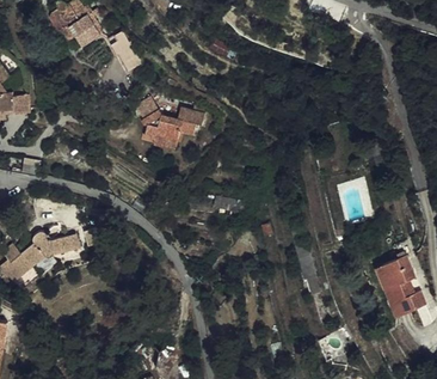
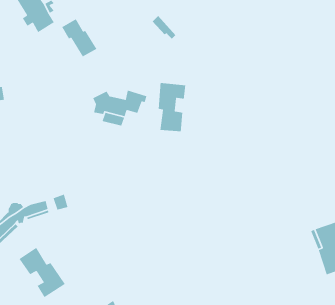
building: none -> [158,82,186,132]
building: none -> [19,247,66,298]

